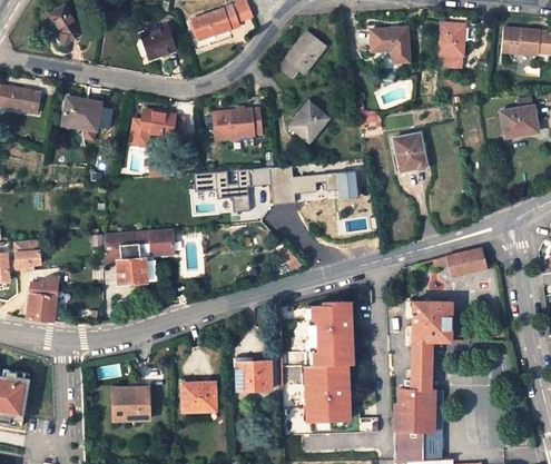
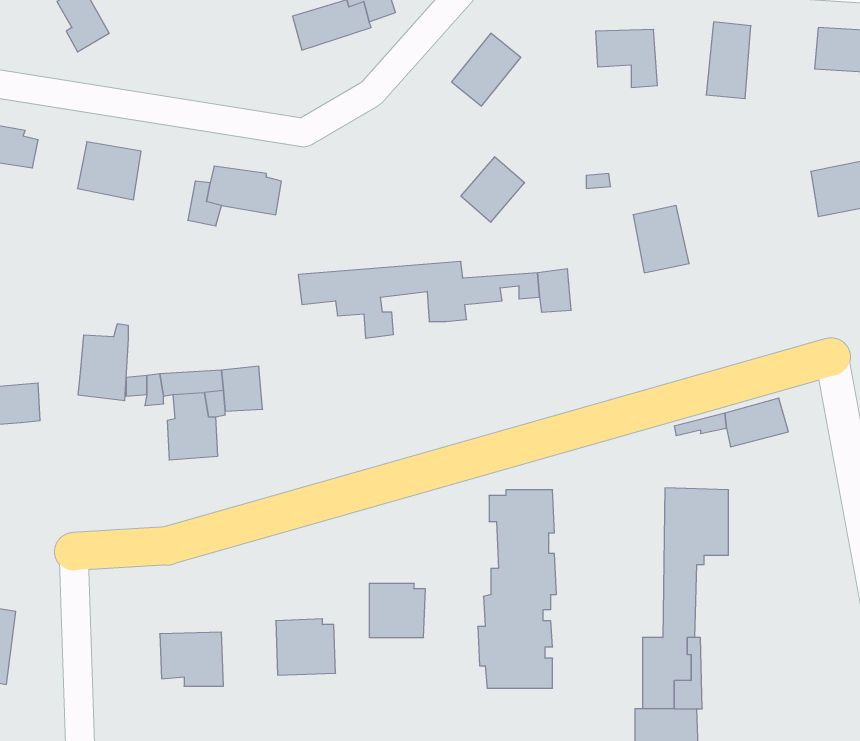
building: [140,27,177,59] -> none
building: [211,110,262,140] -> none
building: [27,277,57,323] -> [78,324,128,401]

